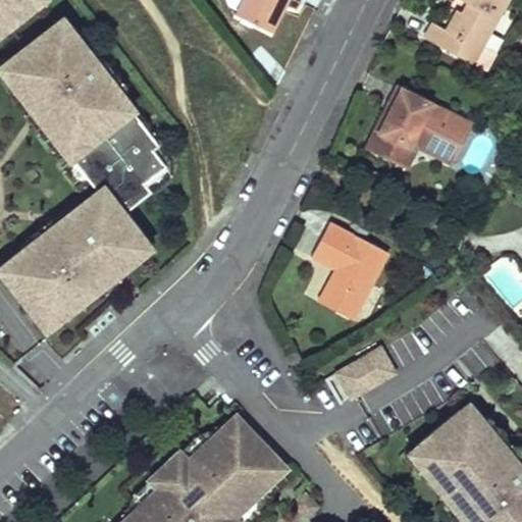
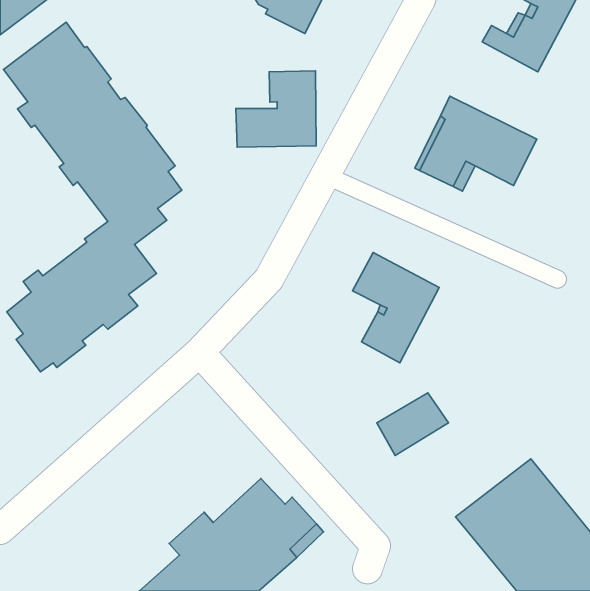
building: none -> [236,71,316,147]

